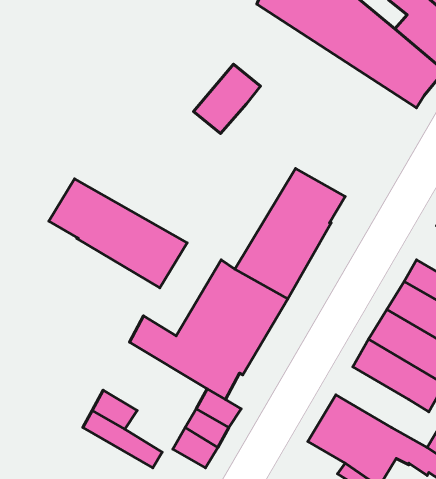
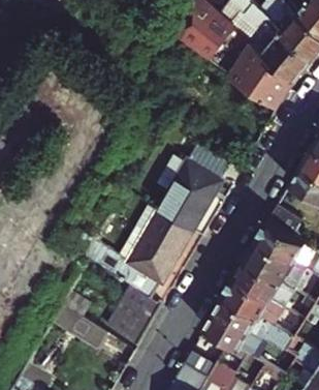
building: [193,64,261,134] -> none
building: [49,179,187,288] -> none
building: none -> [225,277,274,318]

